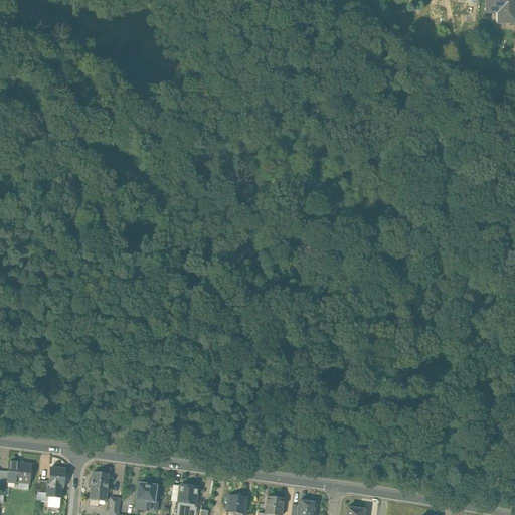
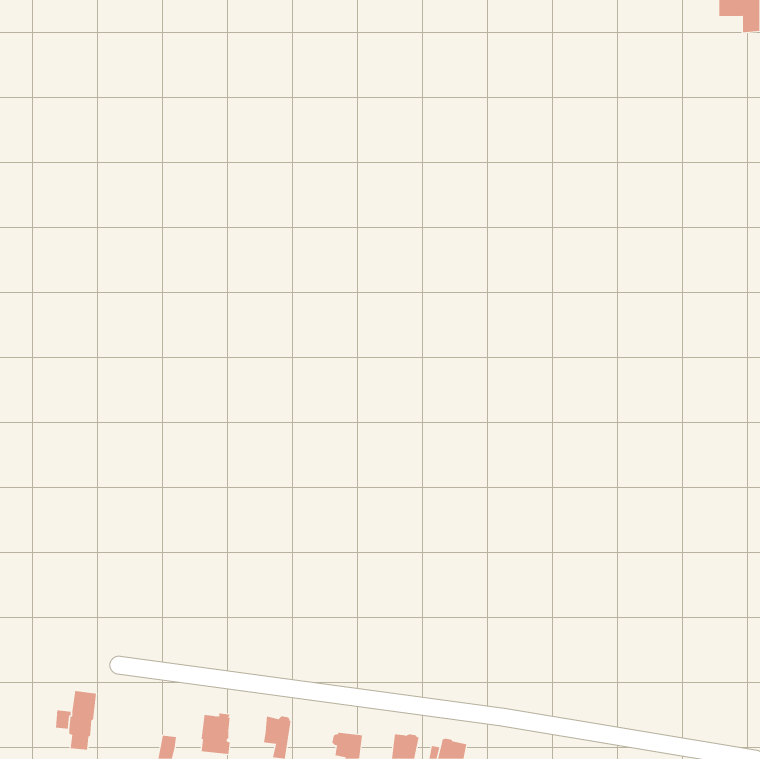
building: [6,461,31,484] -> none
building: [90,472,109,501] -> none

